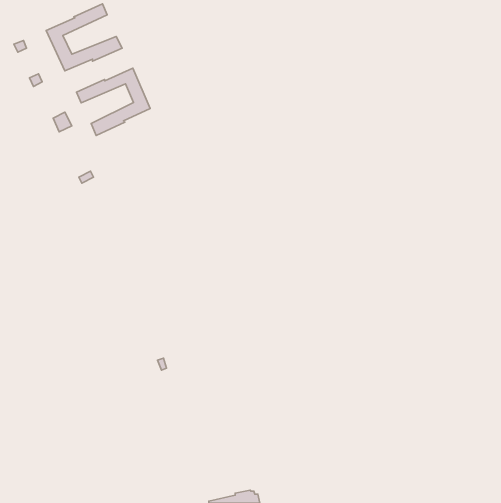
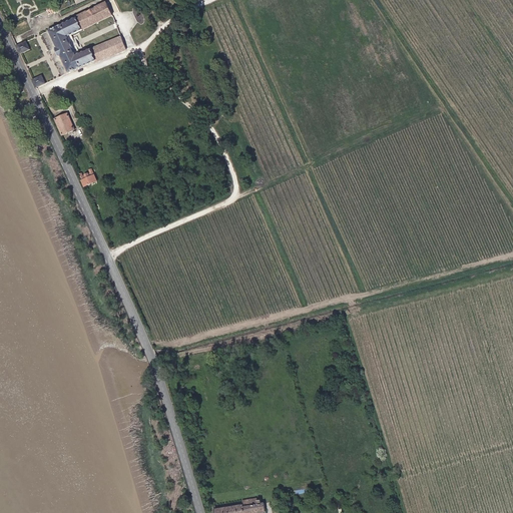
building: [76,68,150,136] -> none

